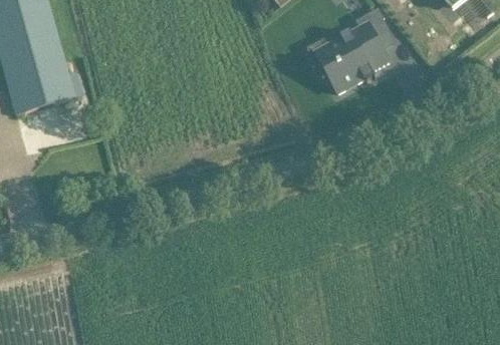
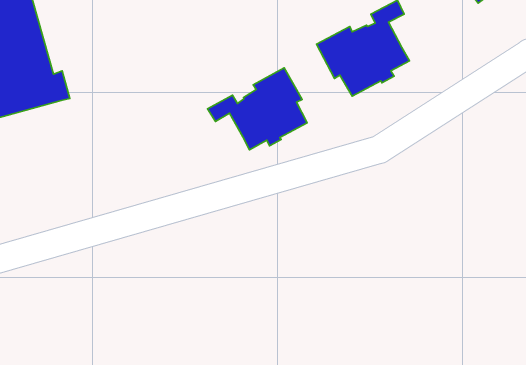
building: none -> [208,68,307,150]

